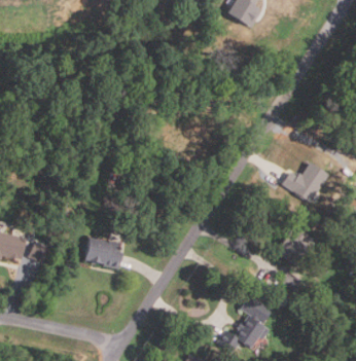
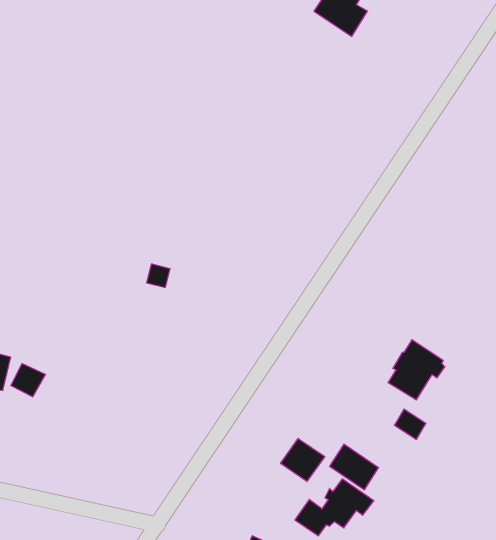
building: [285,165,331,205] -> none
building: [82,237,120,269] -> none
building: none -> [281,438,325,482]

